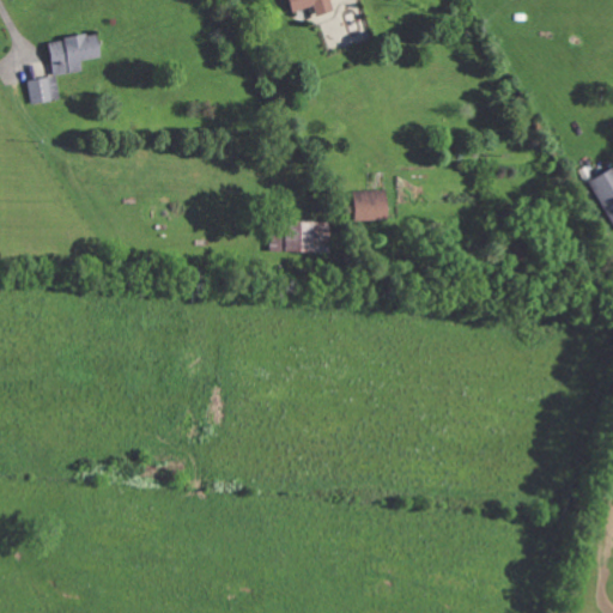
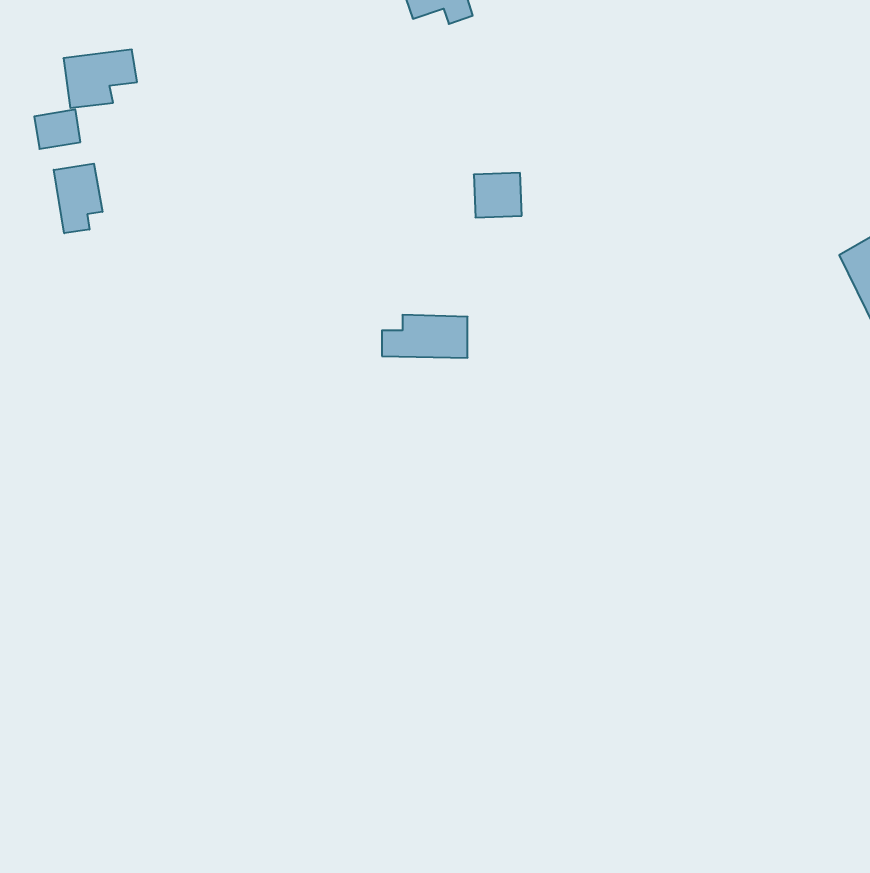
building: none -> [54,164,102,233]
building: [353,189,387,220] -> [474,173,522,217]

